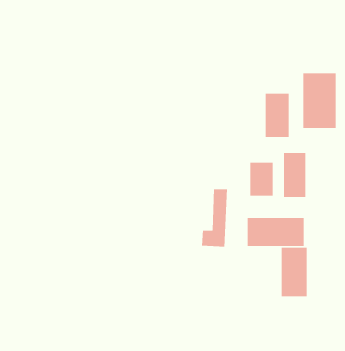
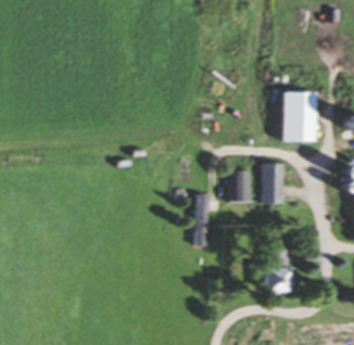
building: [265,93,289,138] -> none
building: [247,217,304,247] -> none

